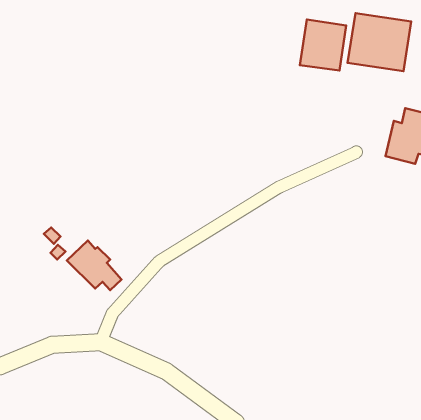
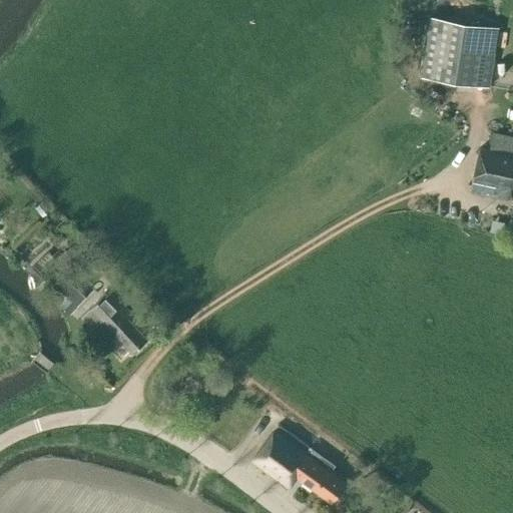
building: [300,20,346,71] -> none
building: none -> [251,428,347,504]

